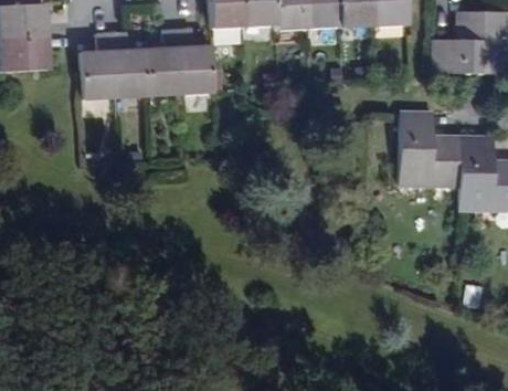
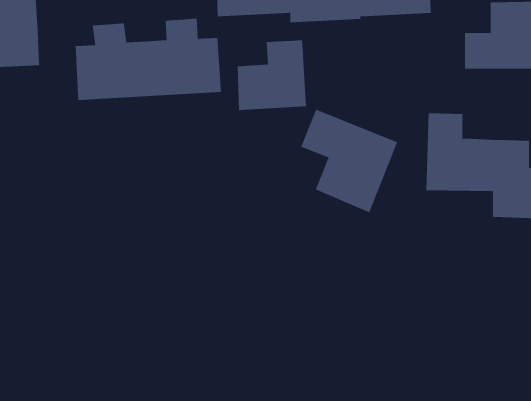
building: none -> [237,39,306,111]
building: none -> [300,109,398,213]

